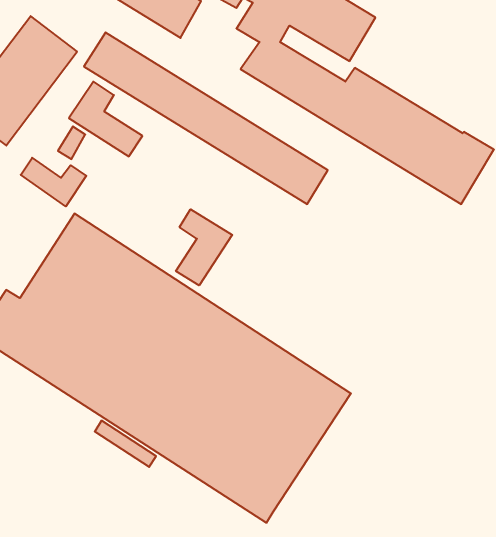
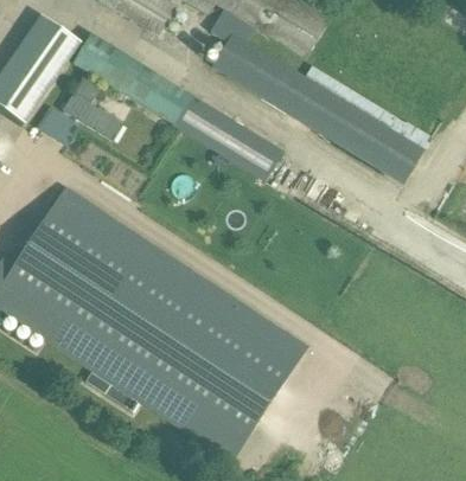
building: [21,158,86,206] -> none
building: [176,209,232,285] -> none

